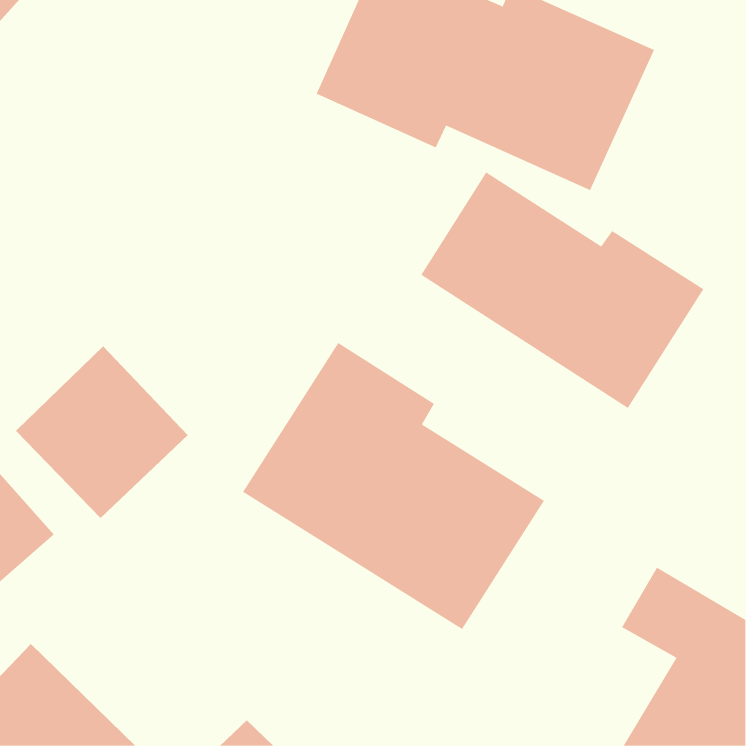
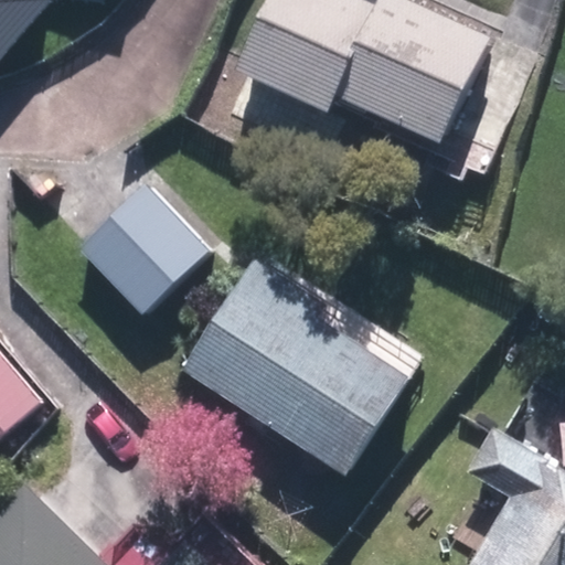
building: [420,172,704,409] -> none
building: [15,346,188,519] -> [81,183,211,313]

